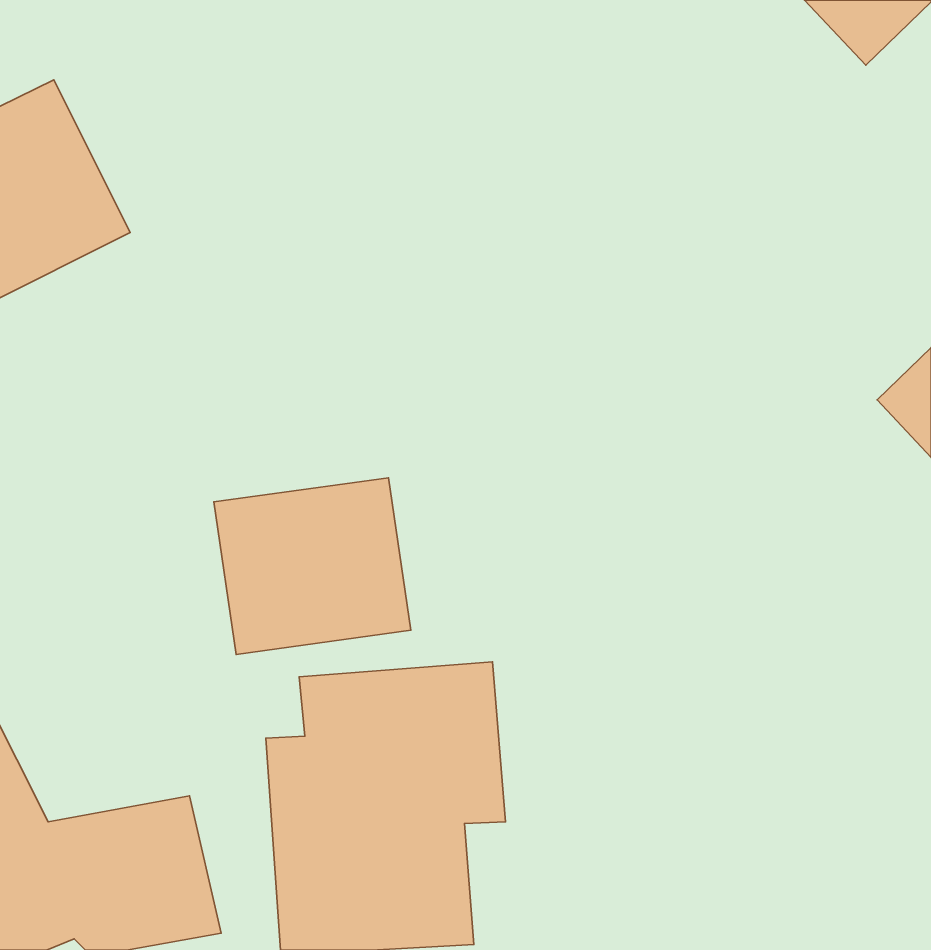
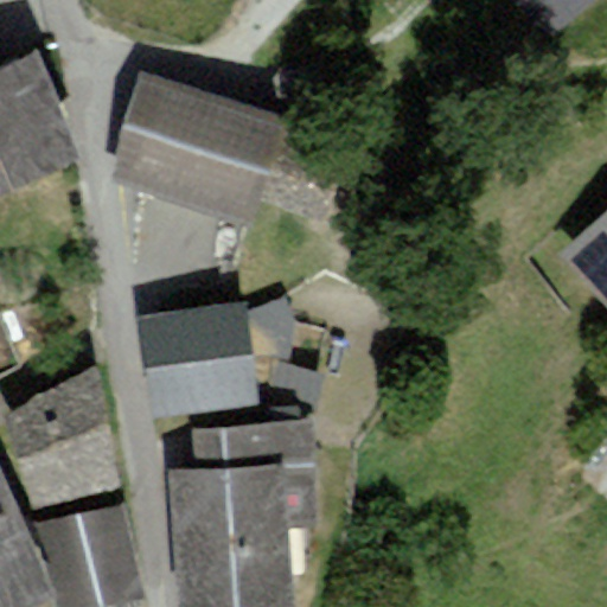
building: none -> [106,72,351,223]
building: none -> [5,378,121,504]

